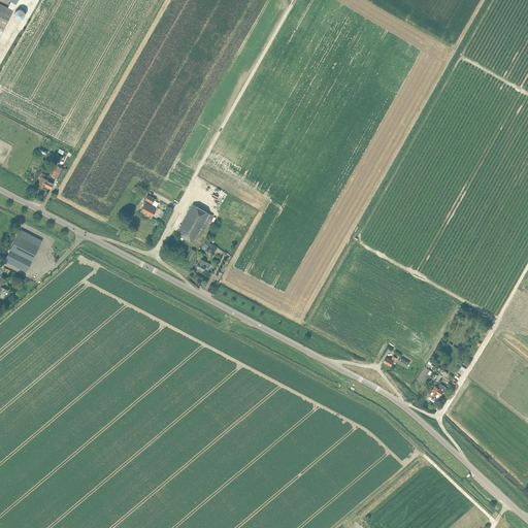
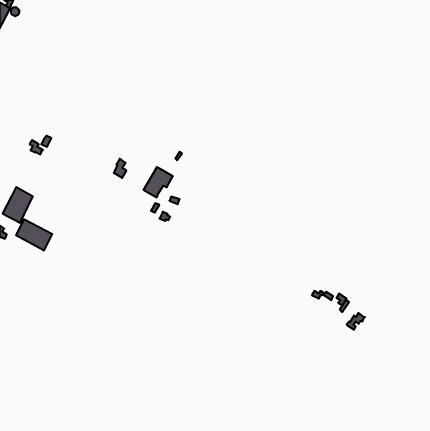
building: none -> [16,219,52,251]

